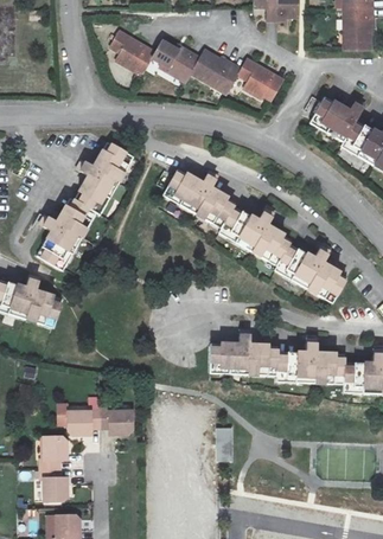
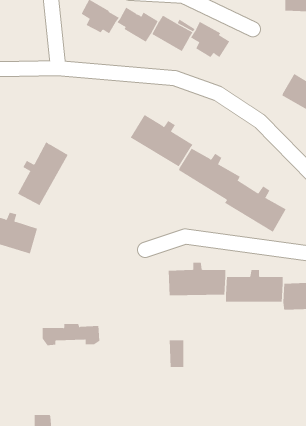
building: [311,96,365,141] -> none
building: [74,141,134,216] -> none
building: [38,436,64,502] -> none

